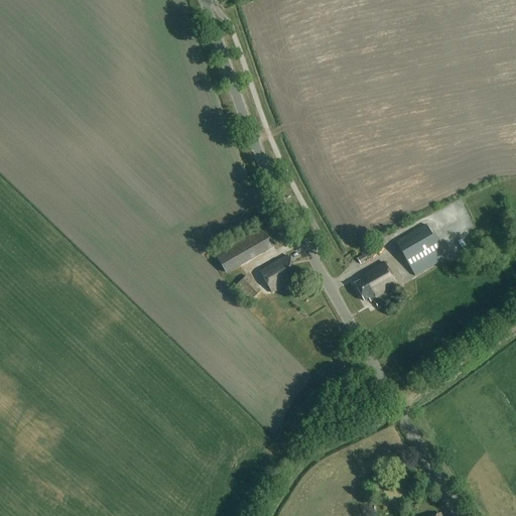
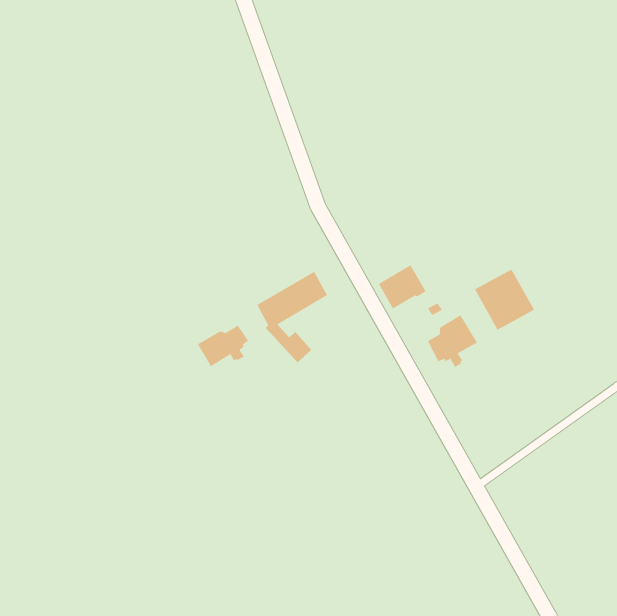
building: [260,253,300,290] -> [378,264,426,309]
building: none -> [197,325,249,367]

